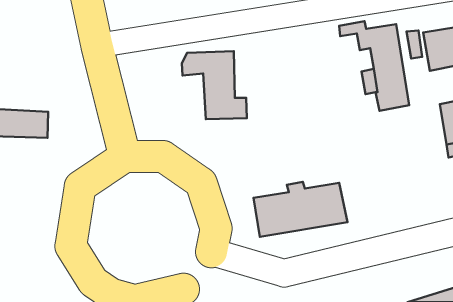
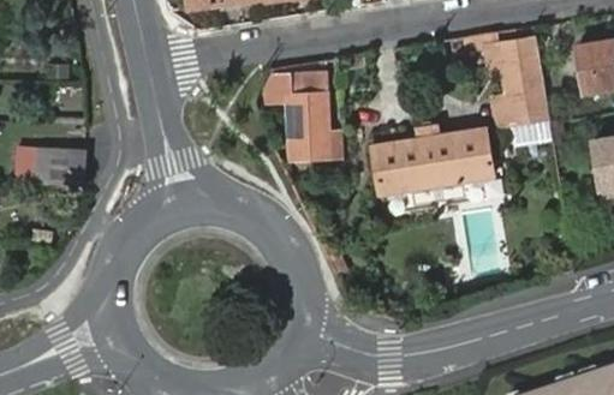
building: [253,182,348,237] -> [371,125,493,196]

